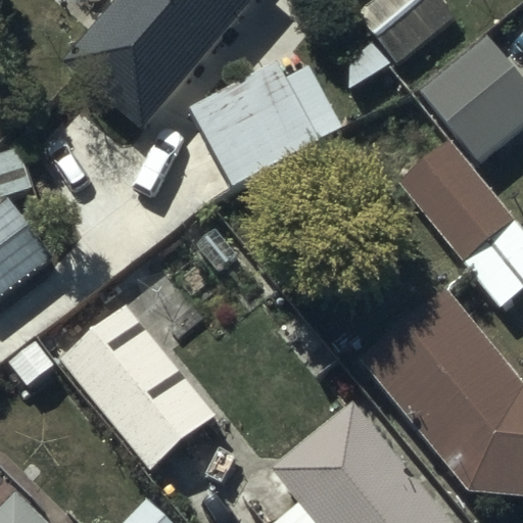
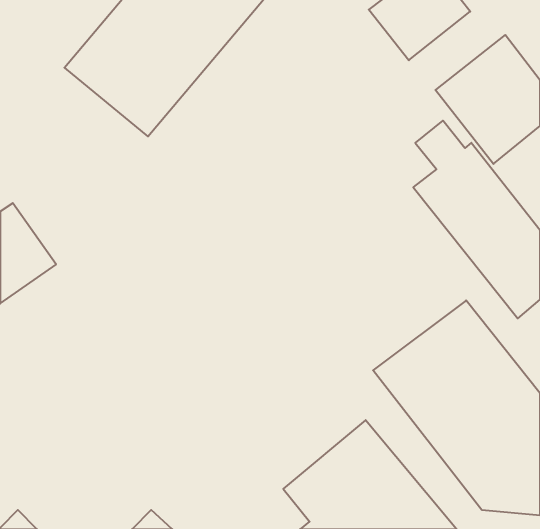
building: [190,60,344,188] -> none
building: [59,304,215,468] -> none

